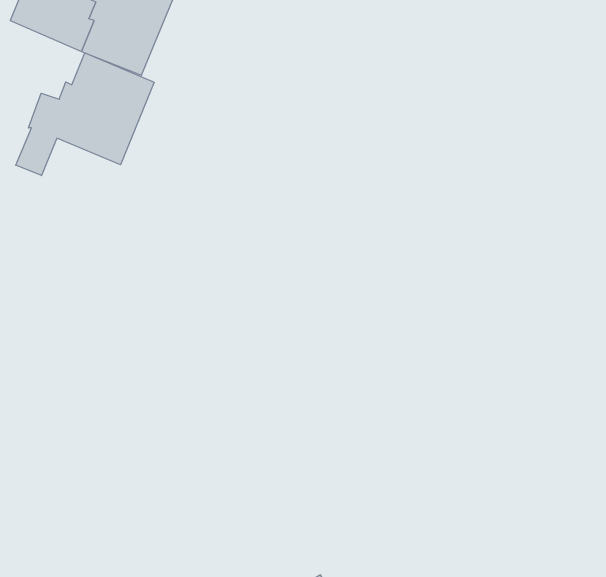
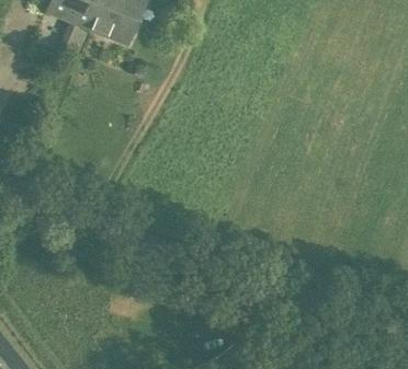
building: [16,53,154,176] -> none

